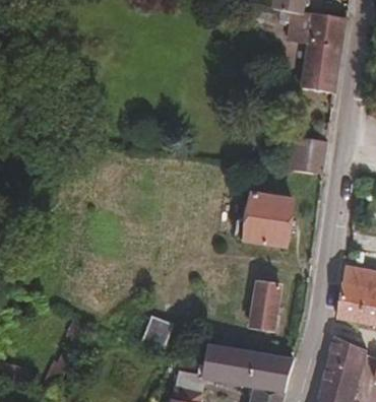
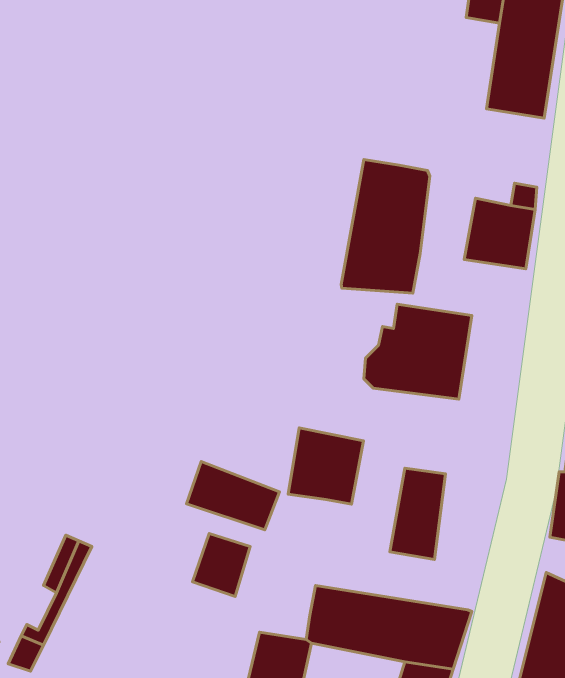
building: none -> [341,160,430,293]
building: none -> [288,428,364,504]
building: none -> [186,461,279,530]

